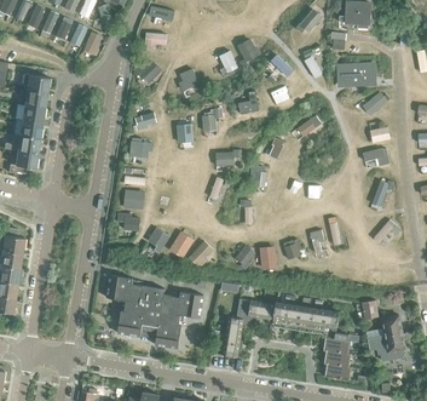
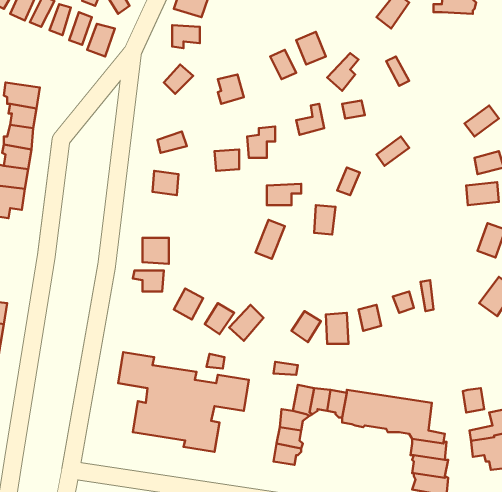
building: [339,63,374,85] -> none

